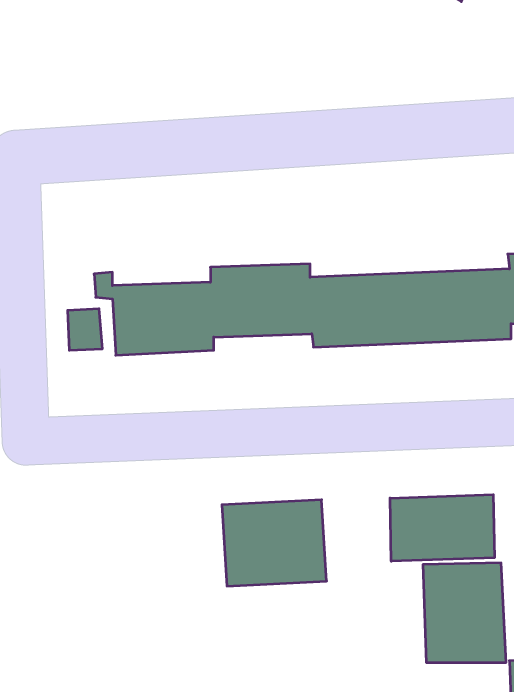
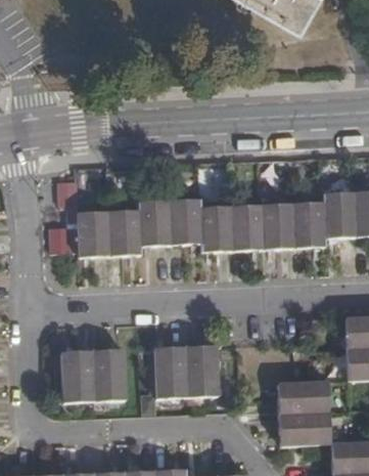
building: [390,495,494,561] -> none
building: none -> [60,348,124,402]

